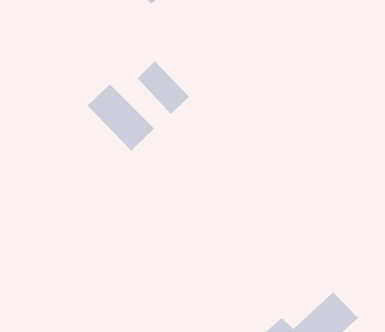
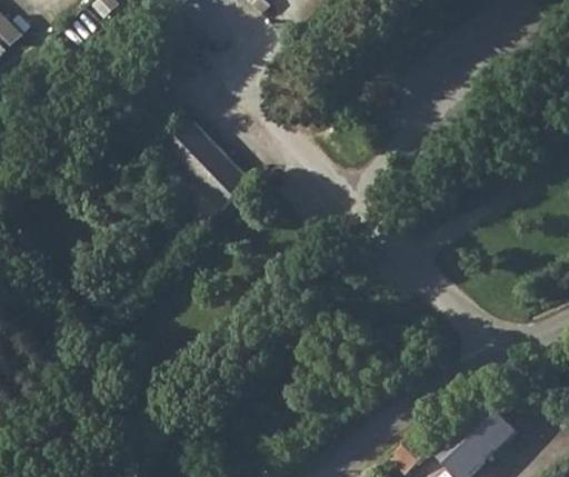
building: [137,61,190,115] -> none

